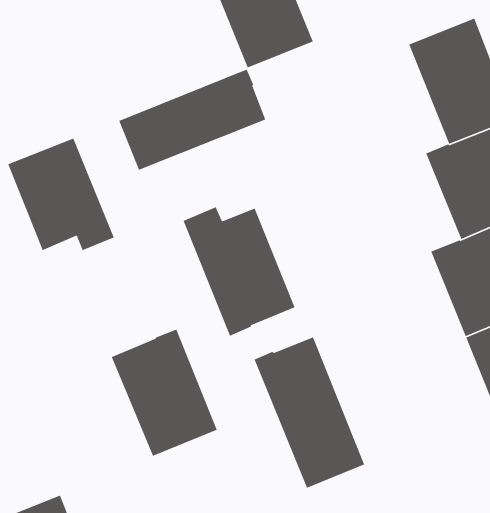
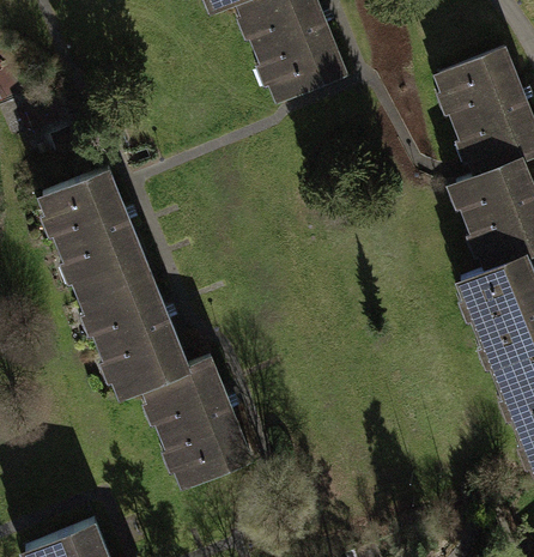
building: [118,68,266,171] -> none
building: [182,206,295,337] -> [75,268,187,398]
building: [254,337,365,489] -> none

